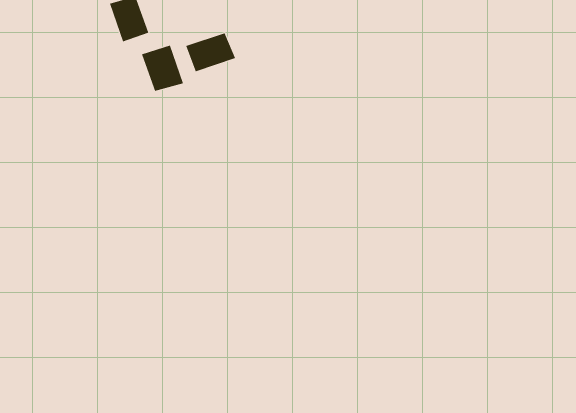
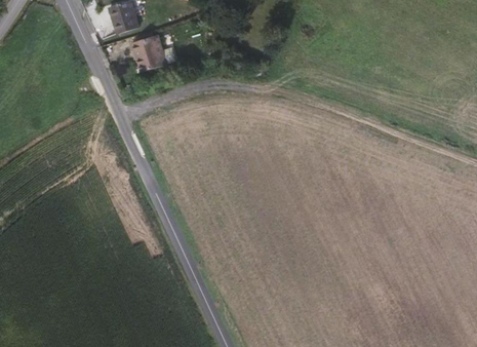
building: [186,33,236,72] -> none

